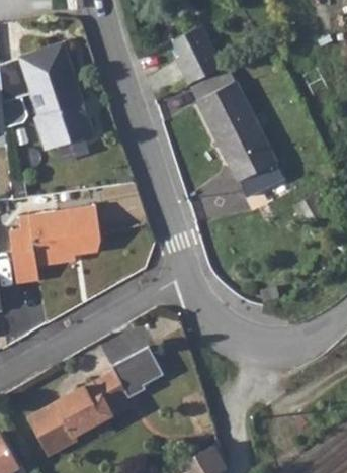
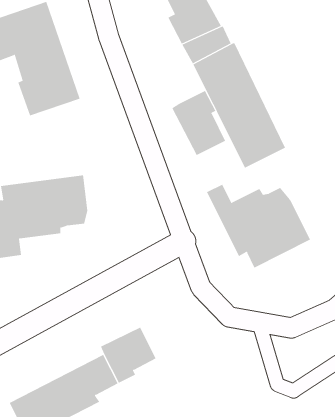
building: none -> [171,90,226,156]
building: none -> [206,184,311,268]

